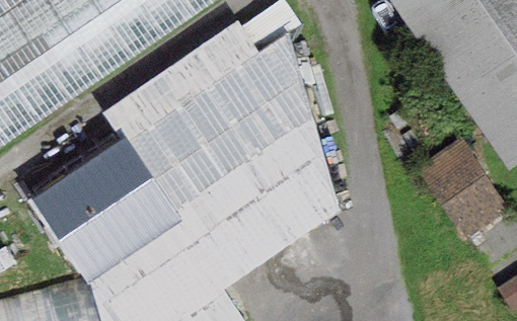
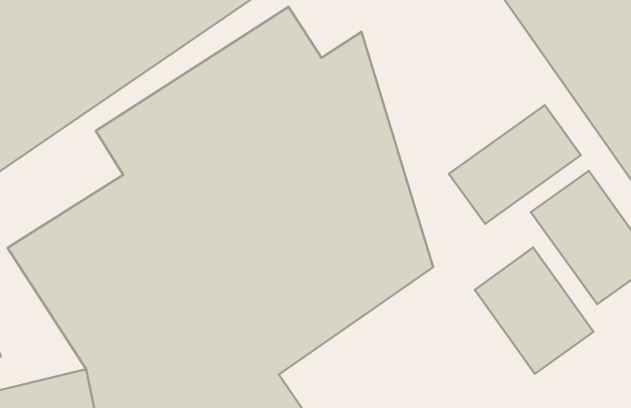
building: none -> [449,105,581,224]
building: none -> [475,248,594,374]

